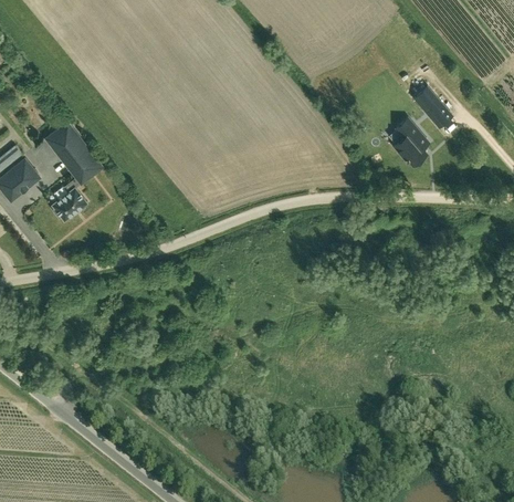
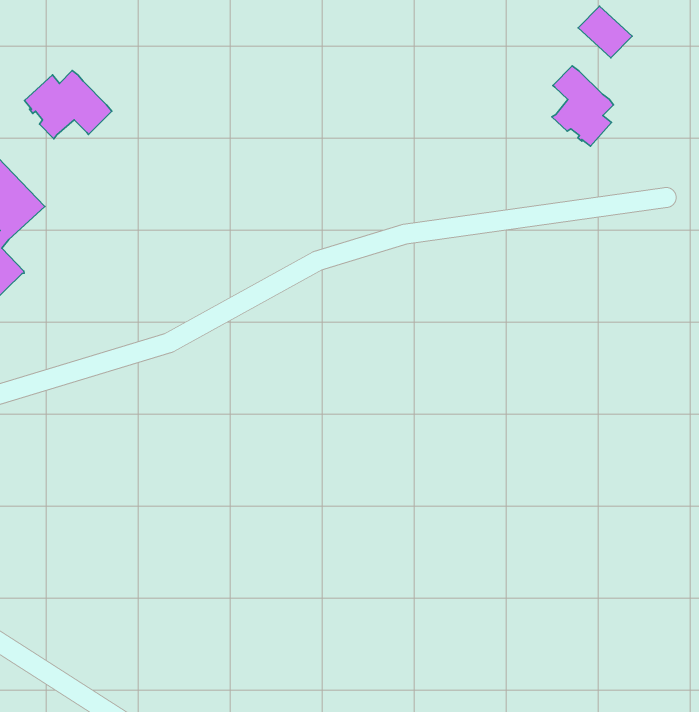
building: none -> [25,71,112,139]

